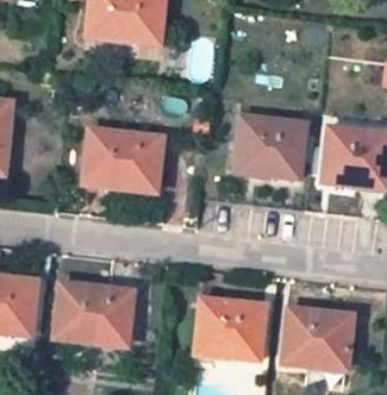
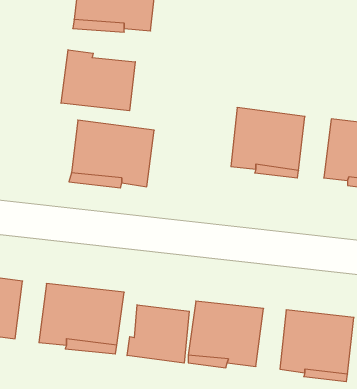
building: none -> [61,50,135,111]
building: none -> [127,305,189,363]

